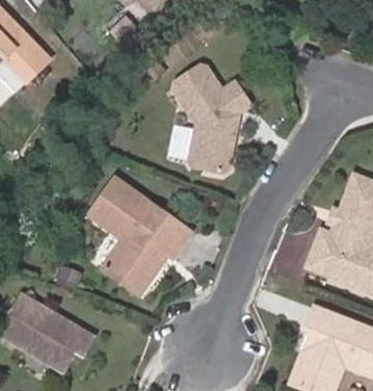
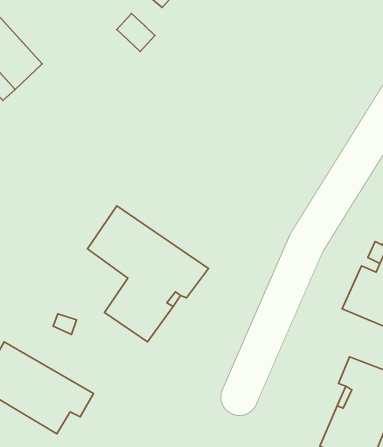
building: [174,68,249,174] -> none

